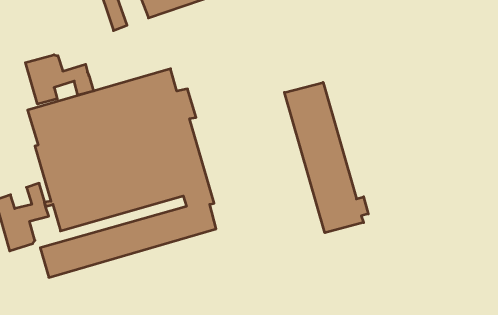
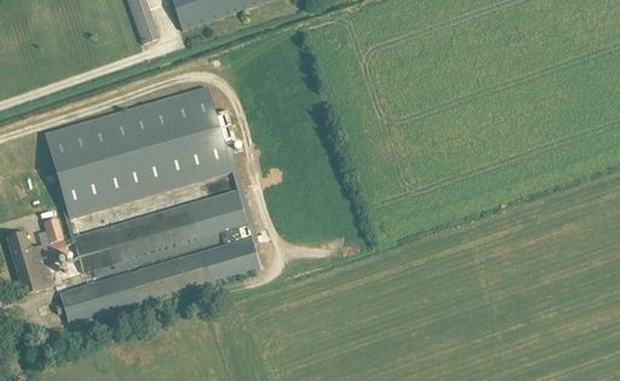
building: [25,55,94,104] -> none
building: [284,82,368,233] -> none

